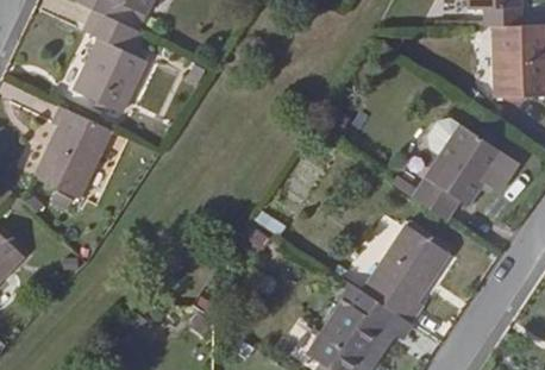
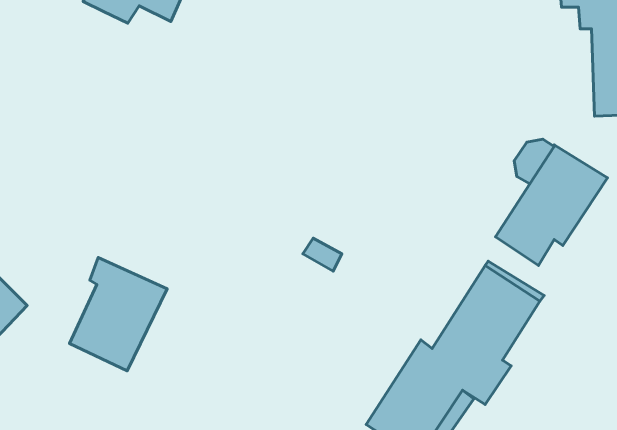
building: [70,12,144,113] -> none
building: [30,107,111,201] -> [70,257,167,371]

